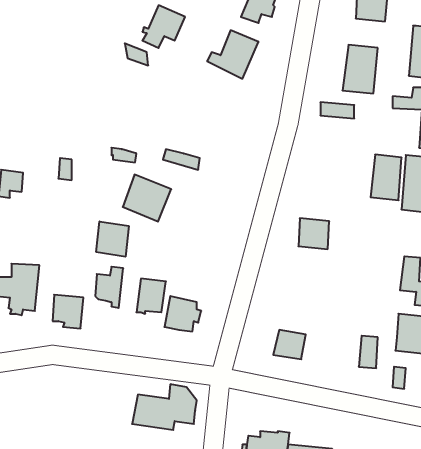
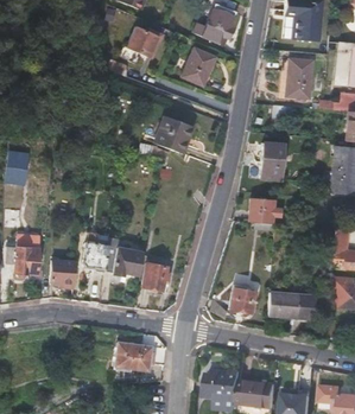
building: [371,155,402,200] -> [258,142,283,179]
building: [123,175,171,222] -> [153,114,192,152]
building: [96,221,129,257] -> none
building: none -> [266,291,298,318]

